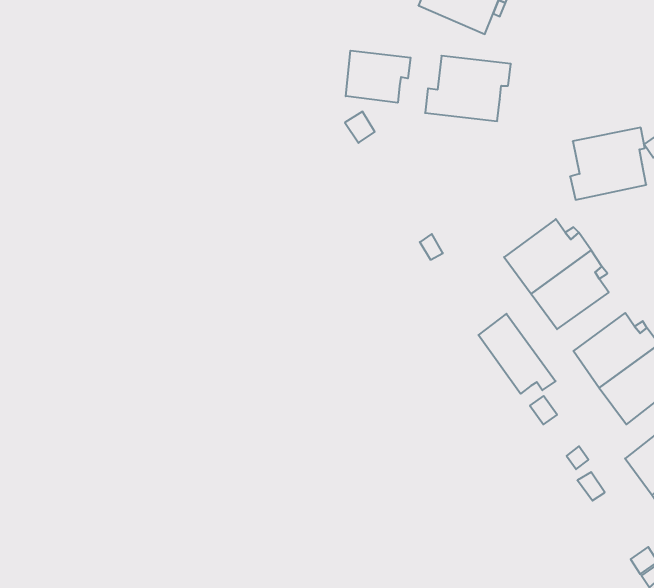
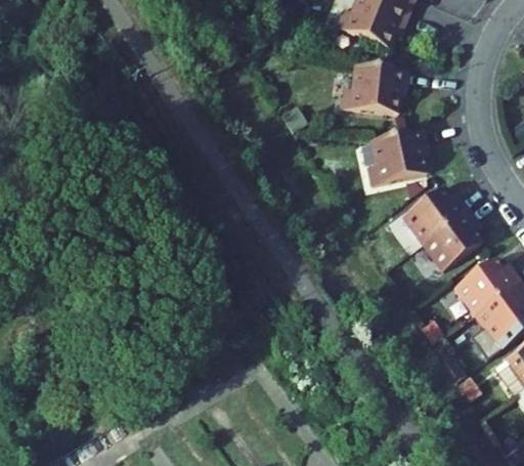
building: [346,51,411,103] -> none
building: [570,128,646,200] -> [368,130,426,184]
building: [478,314,556,394] -> none

